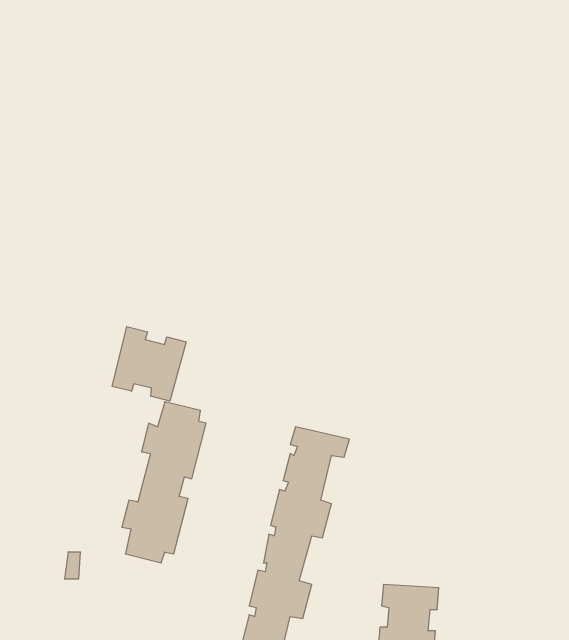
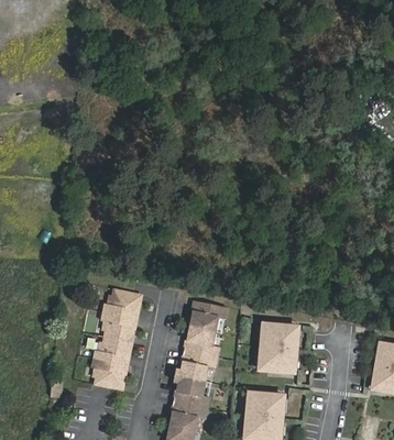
building: [112,327,186,401] -> none
building: none -> [260,328,297,370]

